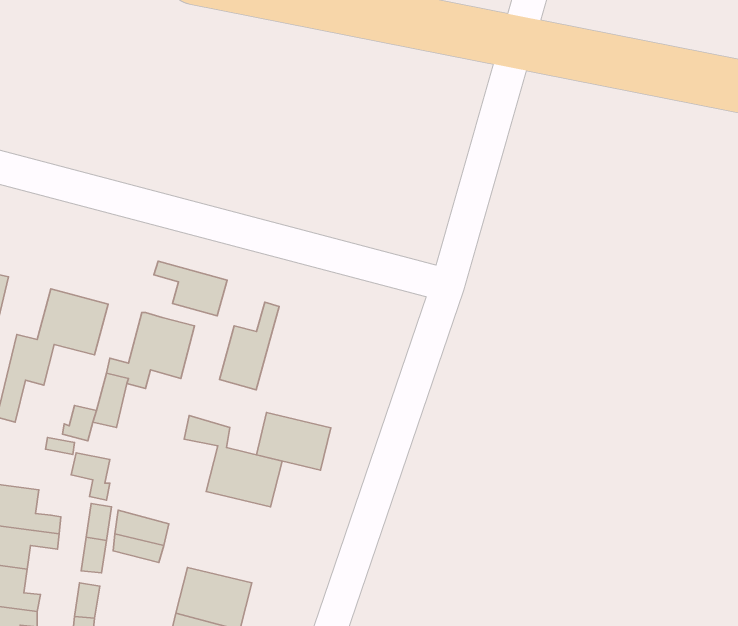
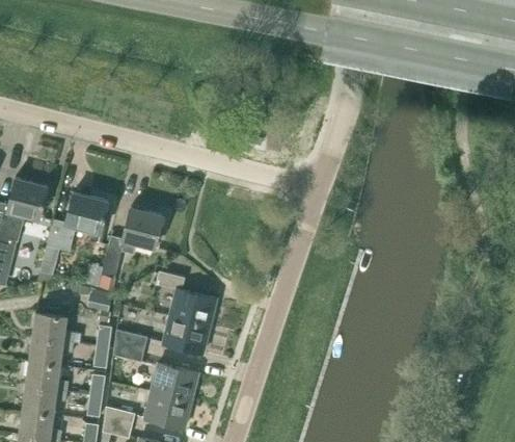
building: [154,261,227,316] -> none
building: [219,302,279,390] -> none
building: [256,413,331,470] -> [163,317,209,353]

